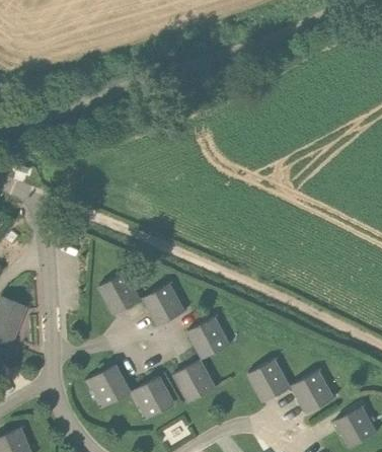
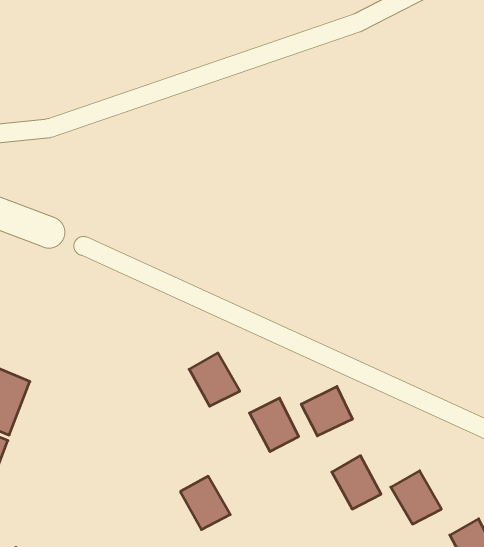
building: [100,274,137,313] -> none
building: none -> [301,386,352,436]
building: [174,362,211,401] -> none
building: [93,365,130,404] -> none

